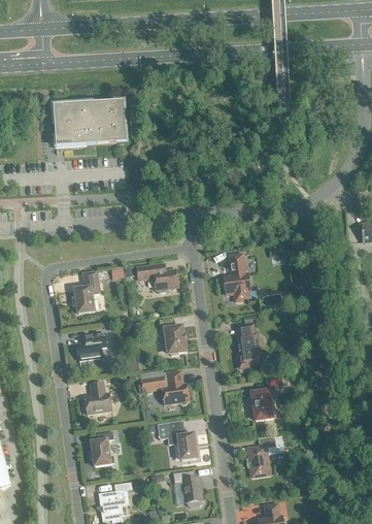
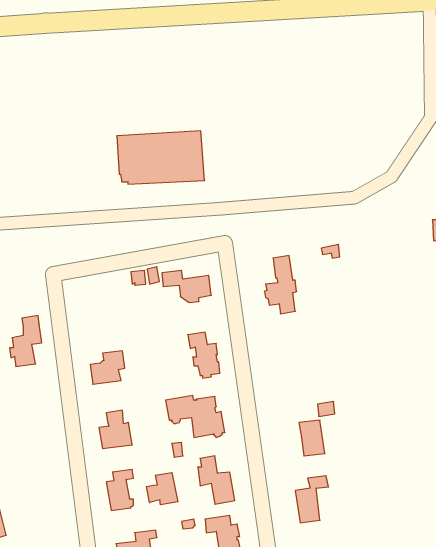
building: [61,98,134,142] -> [117,131,205,184]
building: [73,269,100,312] -> [10,316,42,366]
building: [237,323,260,366] -> none
building: none -> [147,473,178,505]

